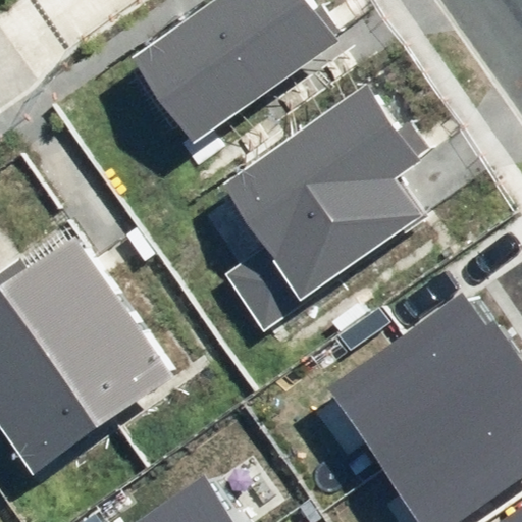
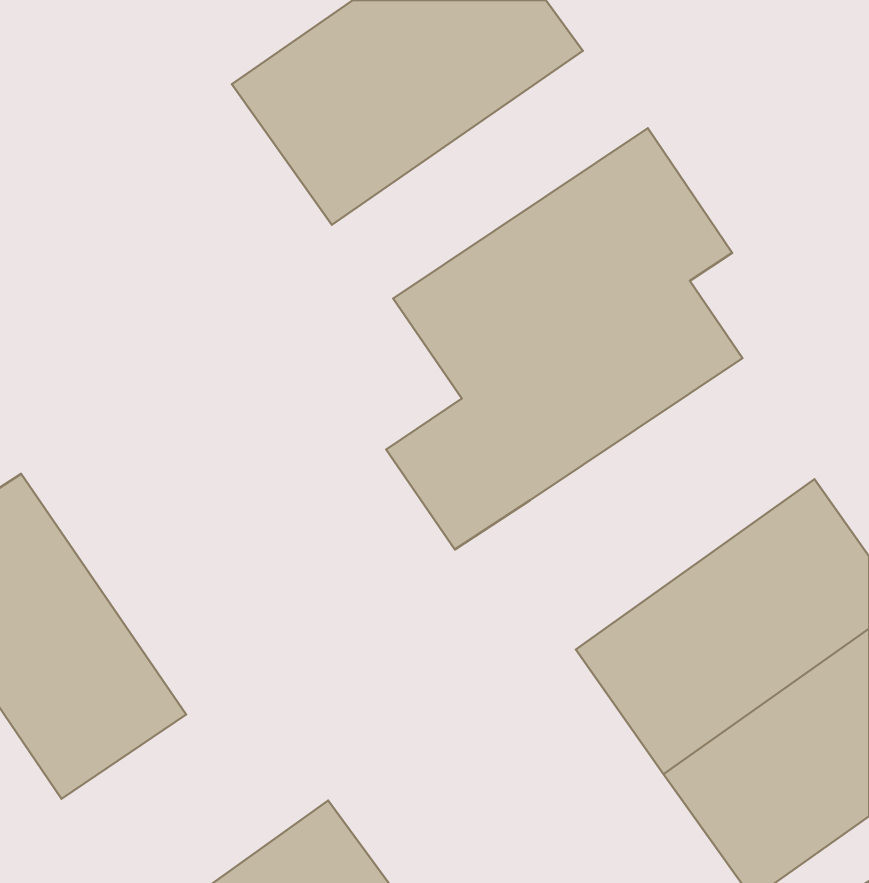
building: [12,233,180,423] -> none

